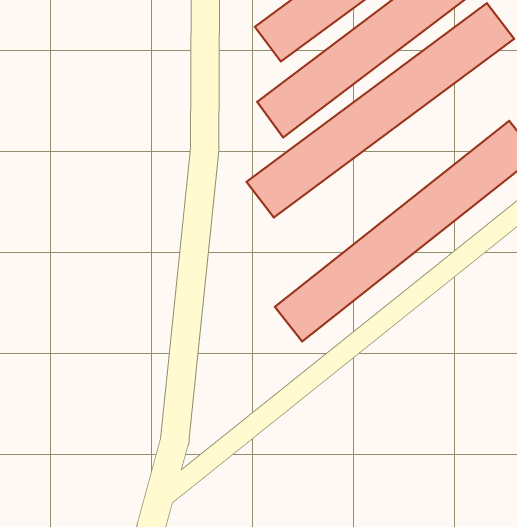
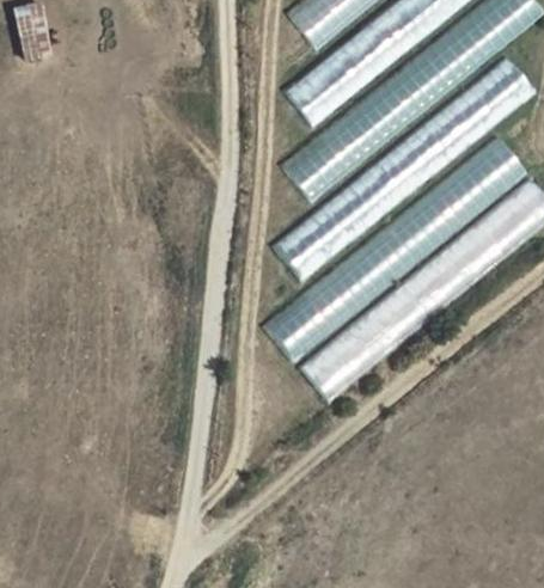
building: none -> [264,135,530,357]

